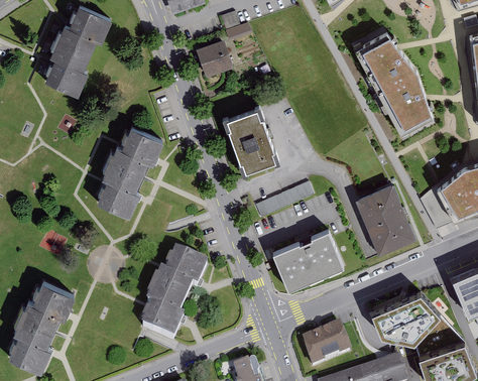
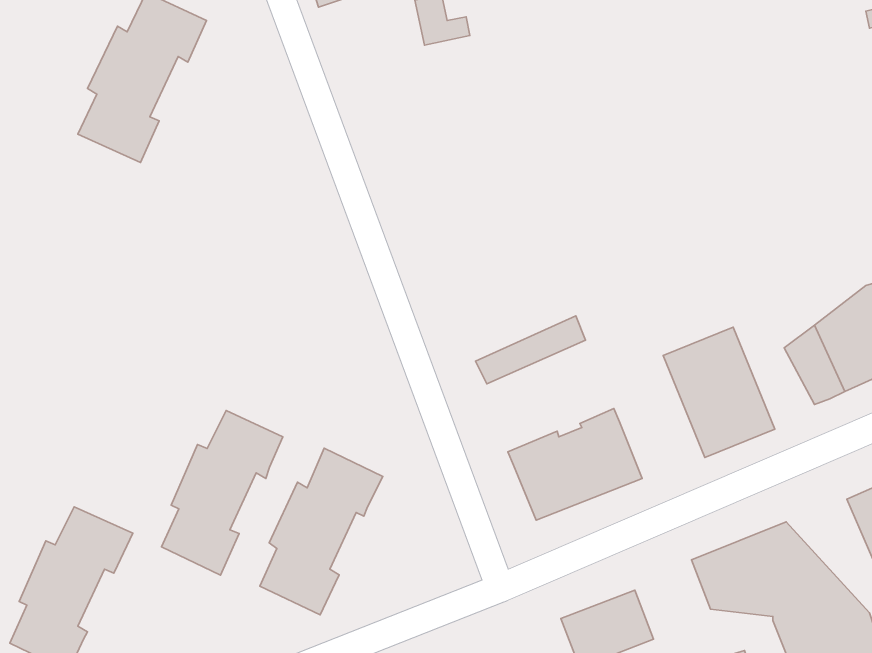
building: [353,35,437,137] -> none
building: [196,40,233,78] -> none
building: [227,111,275,174] -> none
building: [97,129,161,217] -> [162,411,283,575]

